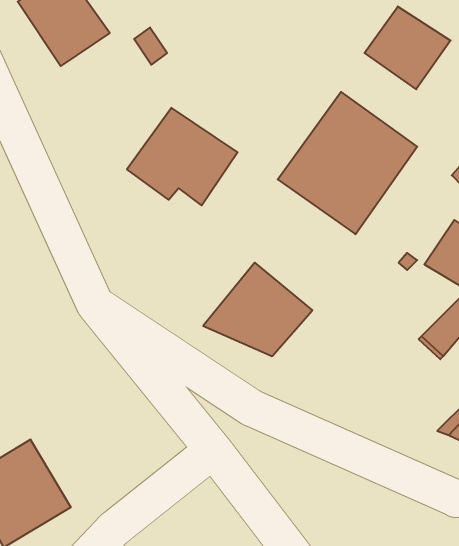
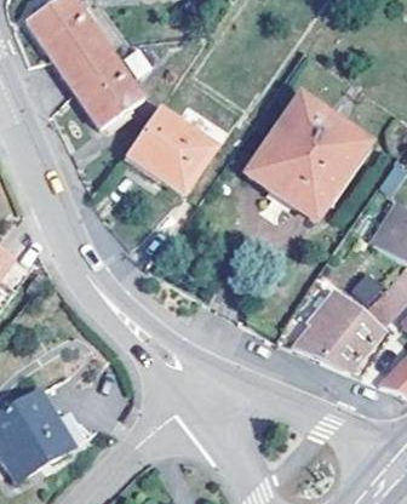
building: [365,6,451,89] -> none
building: none -> [67,45,142,124]
building: [203,263,312,356] -> [292,287,384,366]

